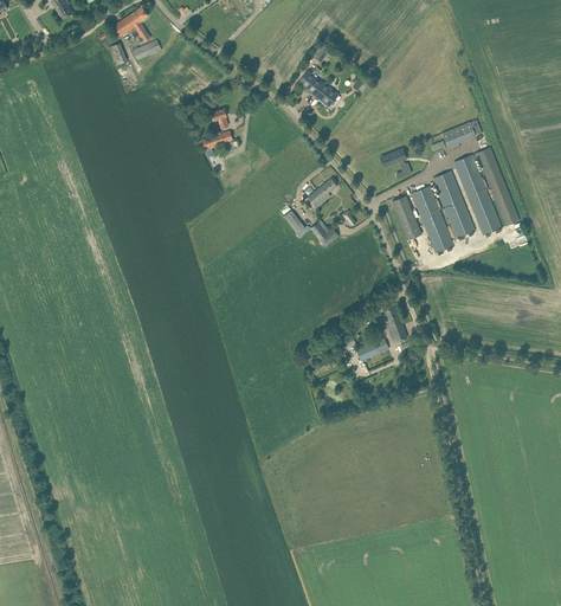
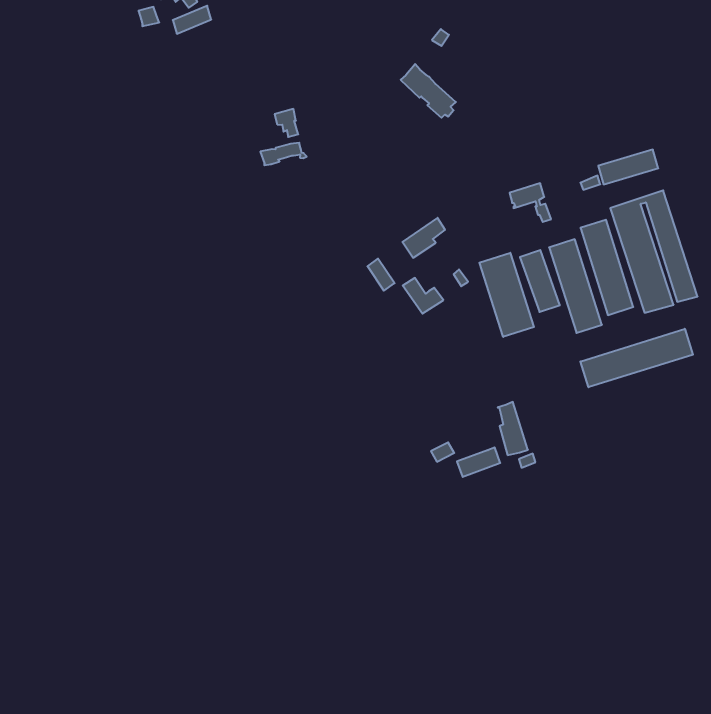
building: none -> [479,253,534,337]
building: none -> [580,329,693,387]

